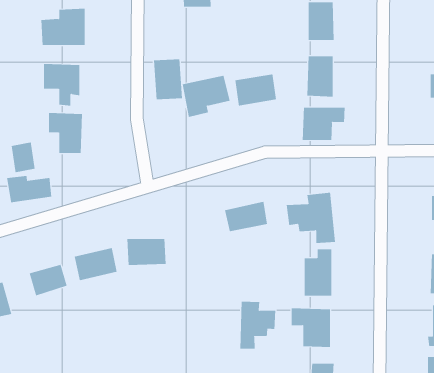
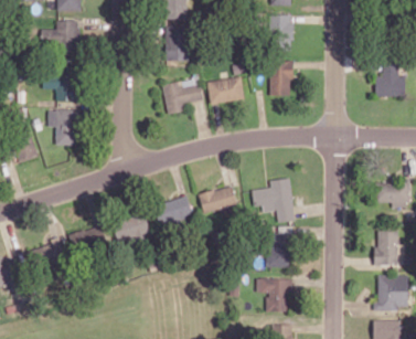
building: [153,59,183,100] -> [166,25,191,61]
building: [302,107,345,141] -> none
building: [7,175,52,203] -> none
building: none -> [154,195,193,226]
building: [240,301,276,349] -> none

